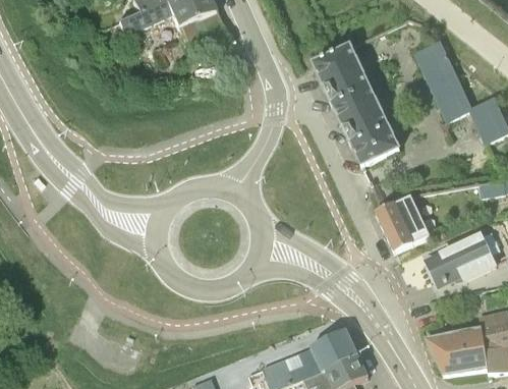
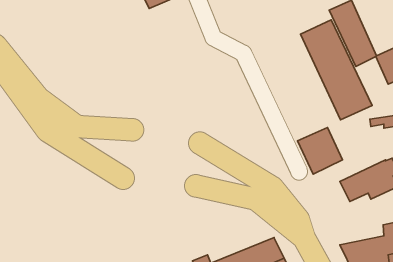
building: [312,44,399,166] -> [300,20,372,120]

